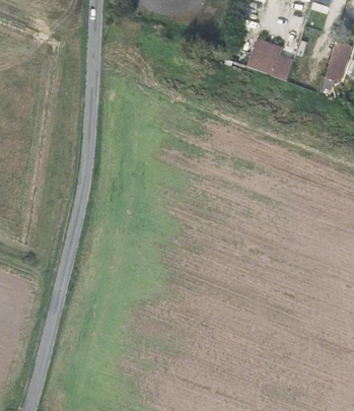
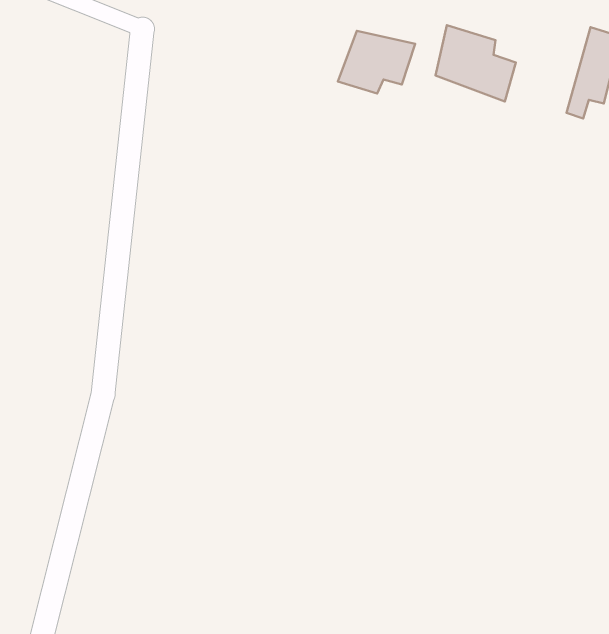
building: none -> [338,31,415,94]

